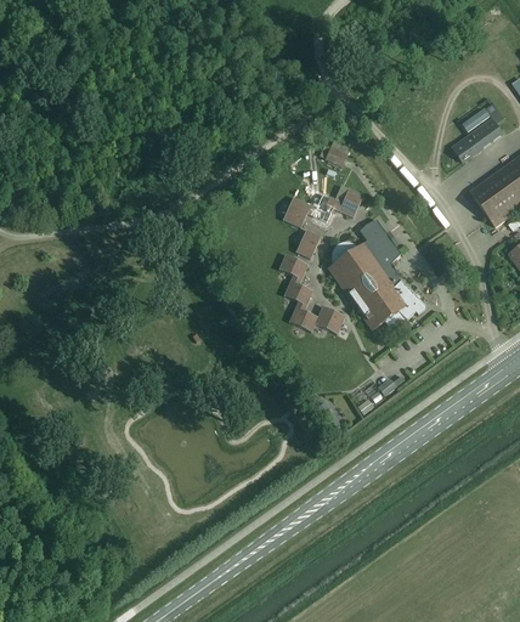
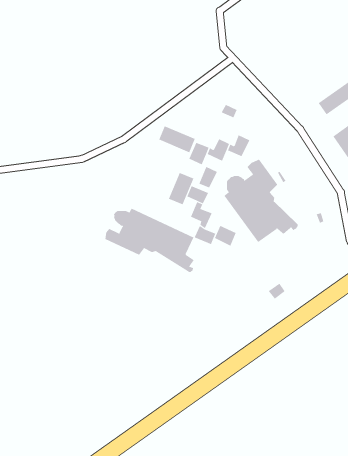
building: none -> [158,125,196,153]
building: none -> [168,172,194,205]
building: none -> [105,208,194,273]

